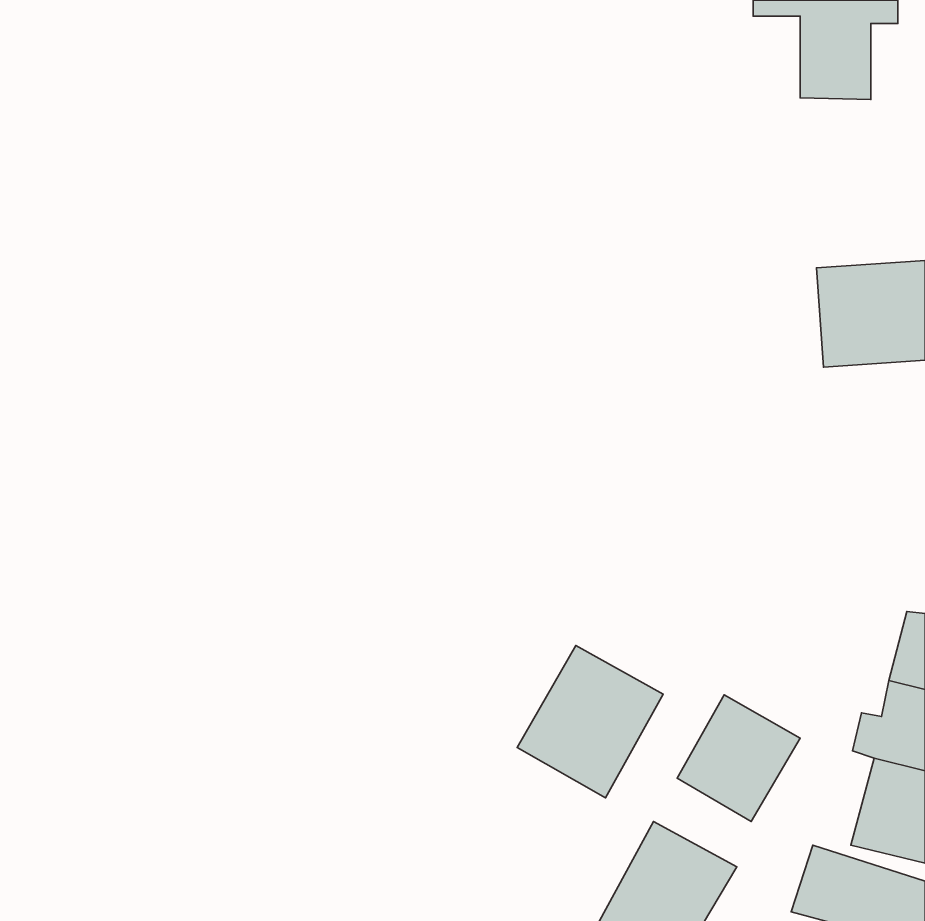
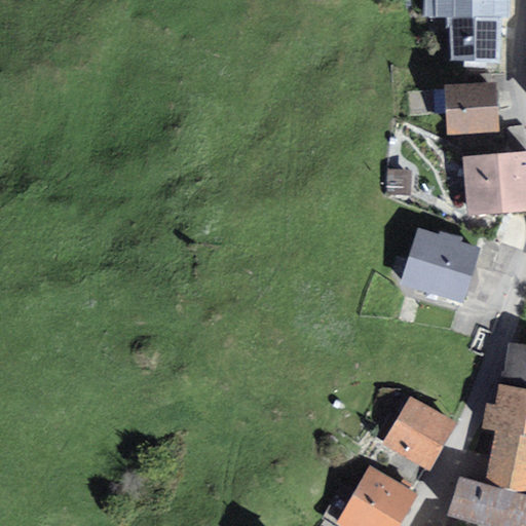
building: none -> [444,81,498,129]
building: none -> [402,228,481,300]
building: [517,646,663,798] -> none

